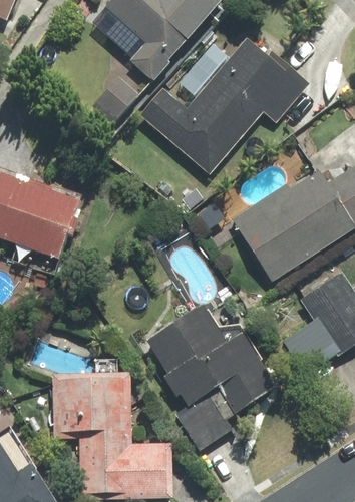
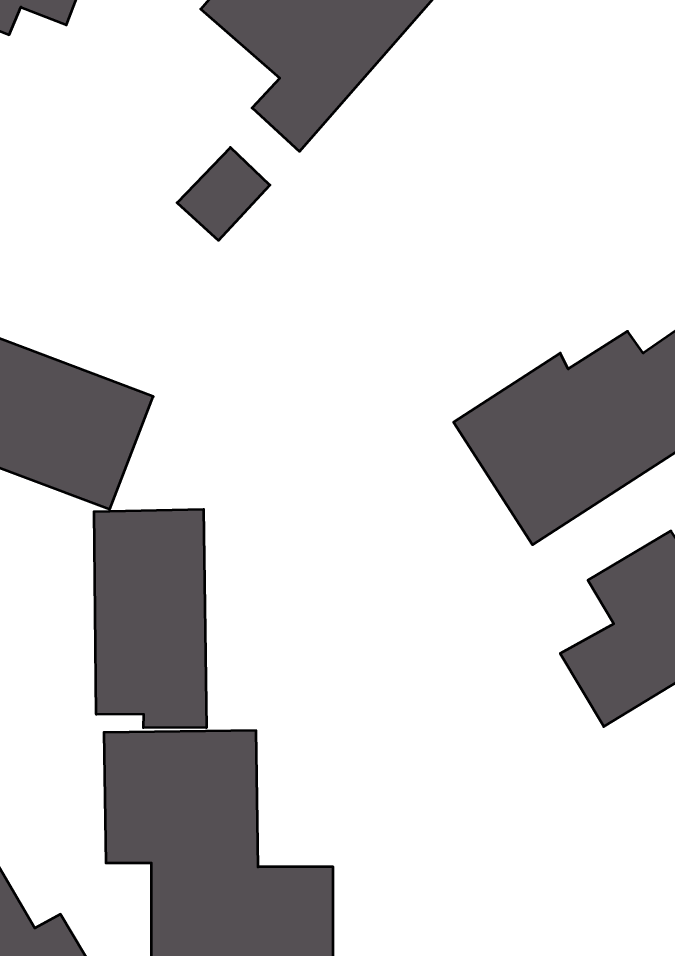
building: [138,37,309,174] -> none
building: none -> [94,509,206,728]
building: [147,306,275,447] -> none

